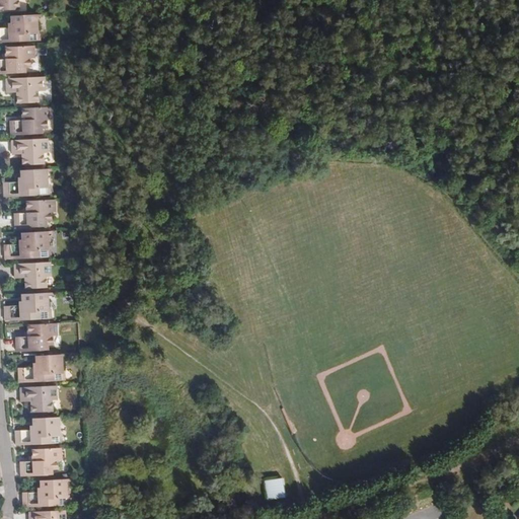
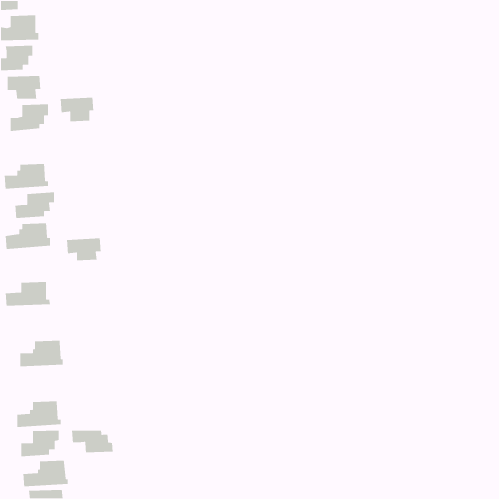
building: [12,139,48,165] -> [60,97,94,122]
building: [15,262,52,286] -> [66,238,101,261]
building: [16,322,57,351] -> none
building: [21,384,57,411] -> none
building: none -> [71,430,114,453]
building: [265,476,287,500] -> none

